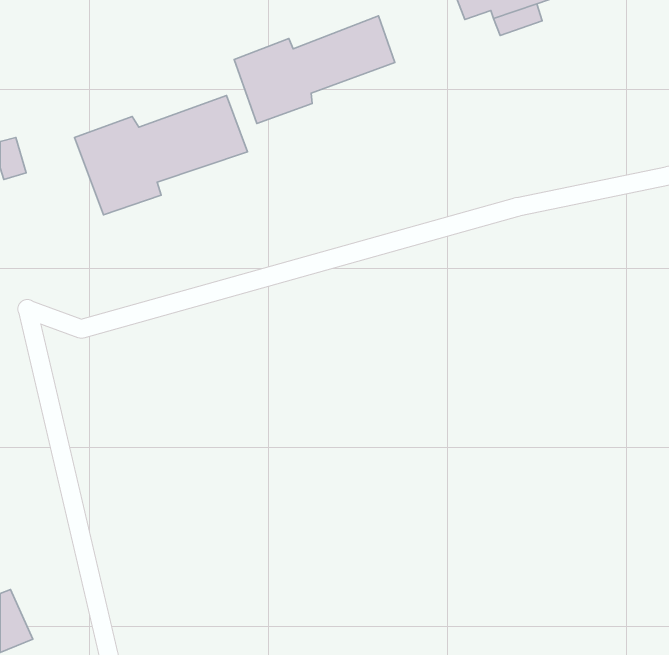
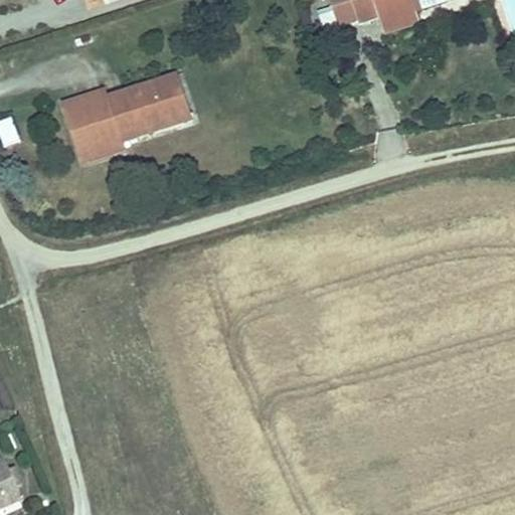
building: [234,16,395,124] -> none

